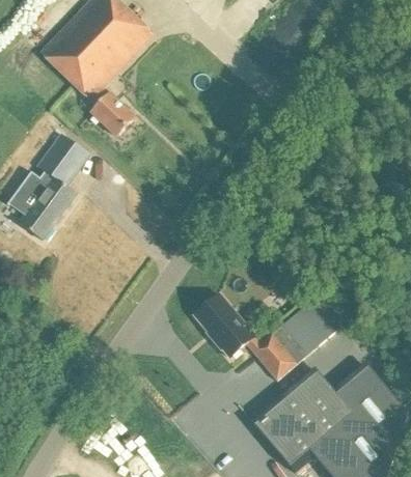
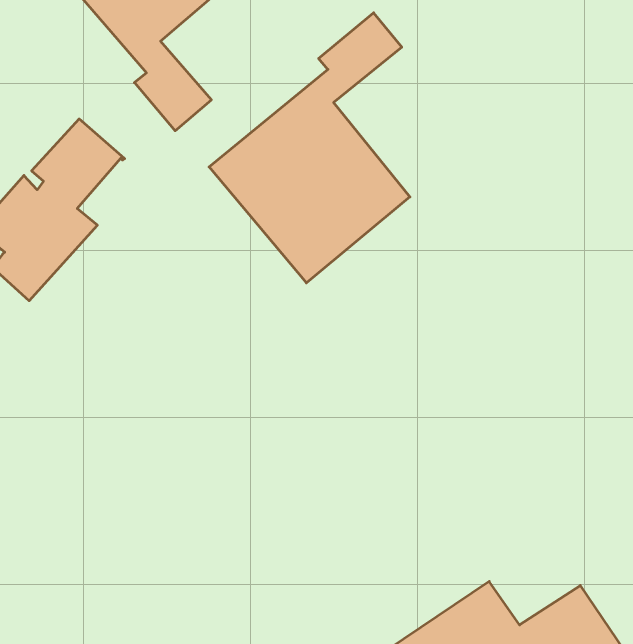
building: none -> [209,13,410,283]
building: [194,293,338,381] -> none

